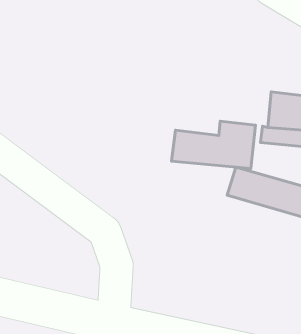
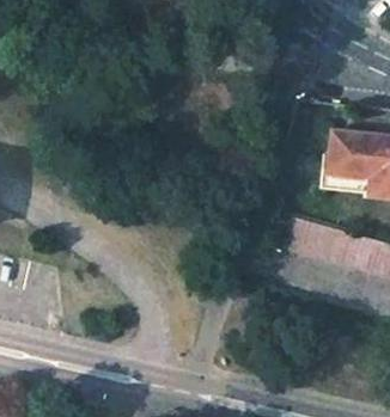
building: [172,121,255,169] -> none

